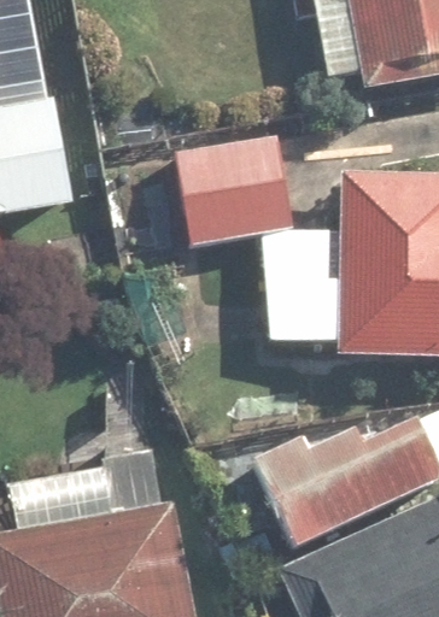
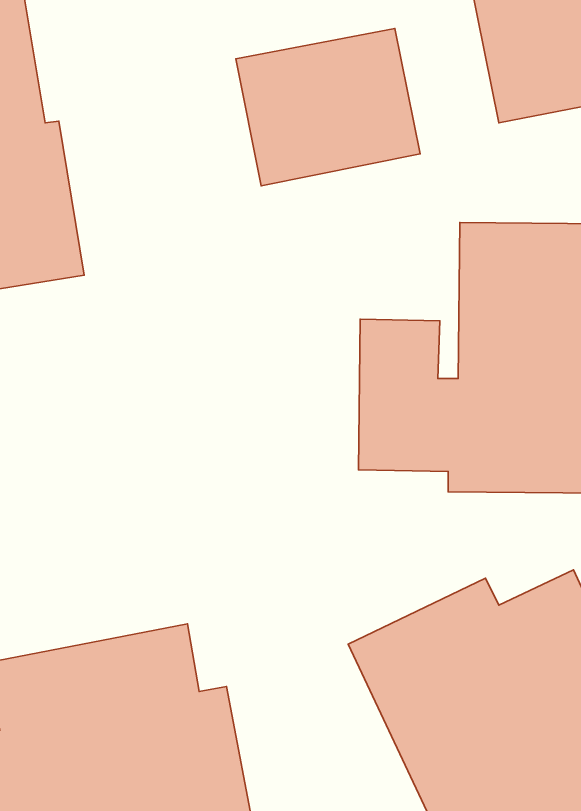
building: [165,136,297,248] -> [236,28,420,186]

